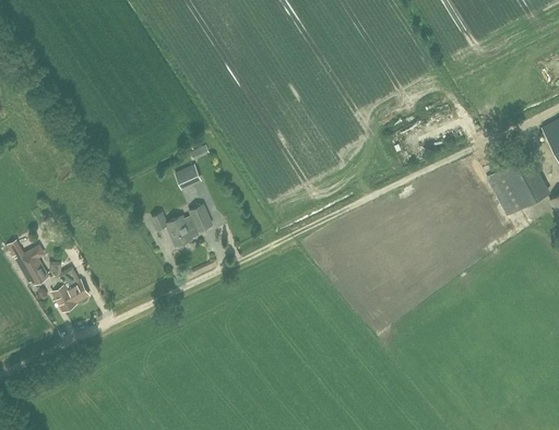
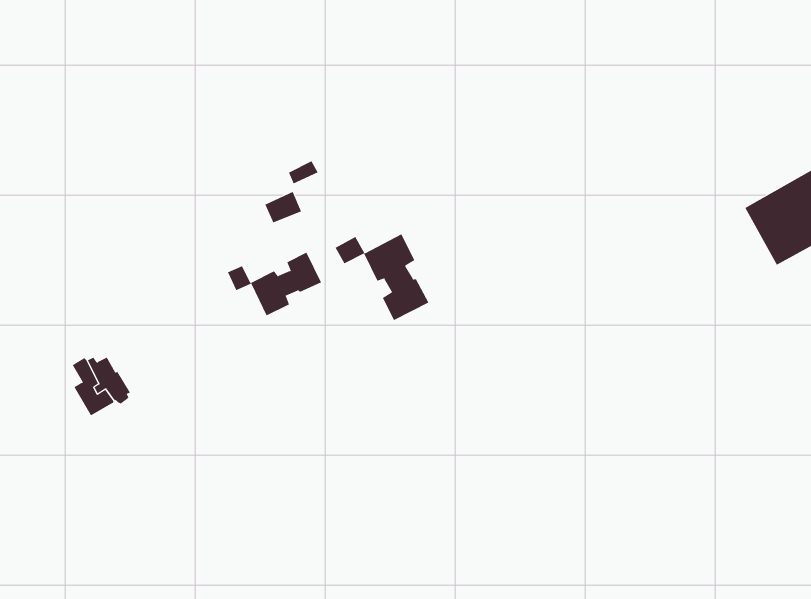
building: none -> [335,233,429,321]
building: [15,247,48,285] -> none

